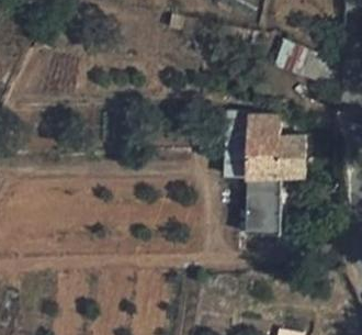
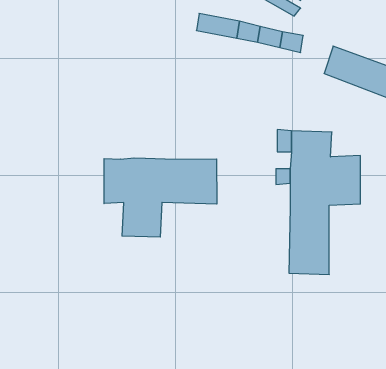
building: none -> [104,158,217,237]

